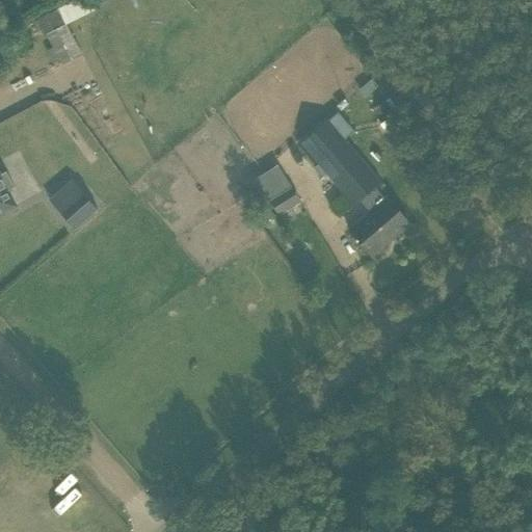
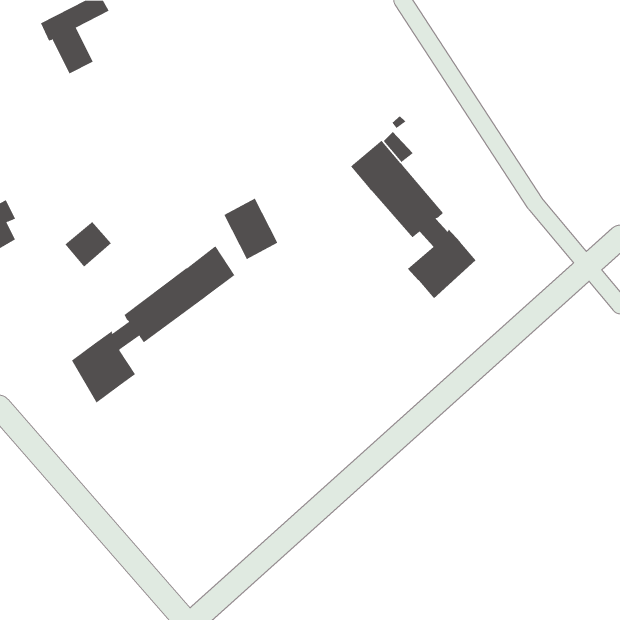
building: [255,163,301,216] -> [224,198,278,260]
building: none -> [71,245,235,403]

